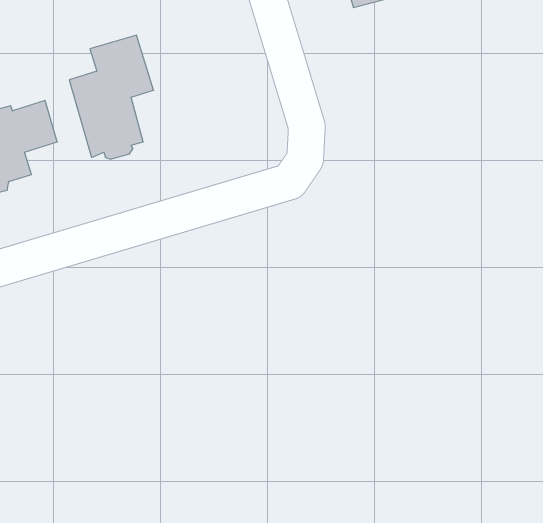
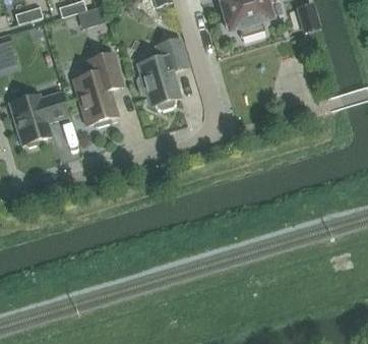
building: none -> [138,38,189,108]

